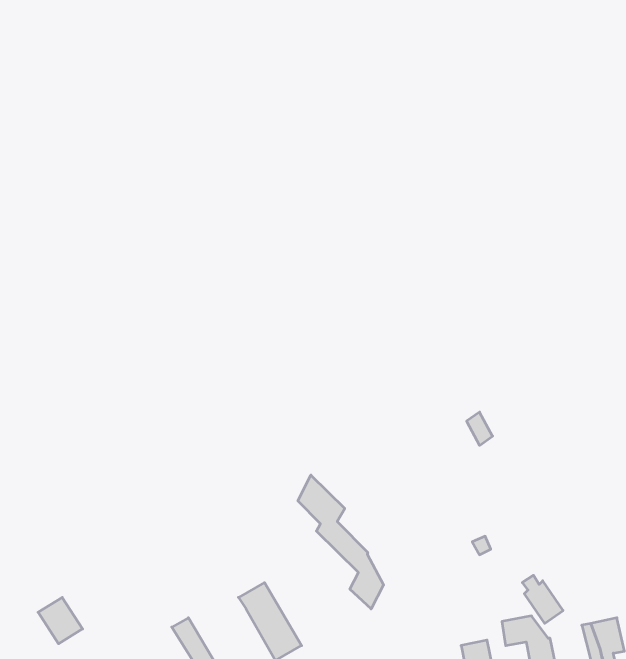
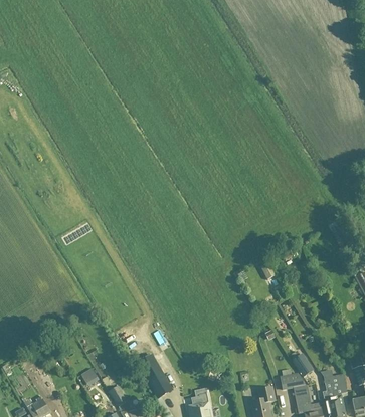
building: [298,475,384,609] -> none

